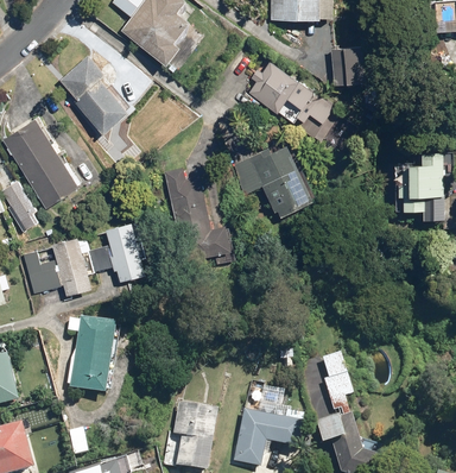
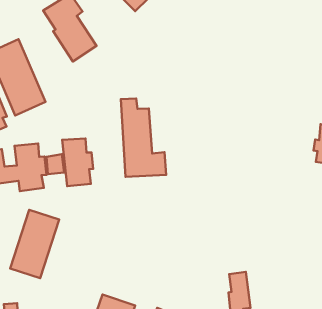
building: [332,46,368,84] -> none
building: [249,61,344,140] -> none
building: [236,145,316,216] -> none

